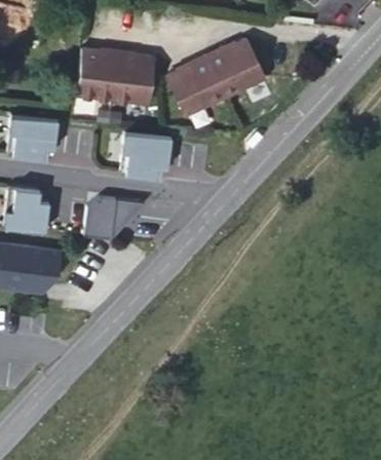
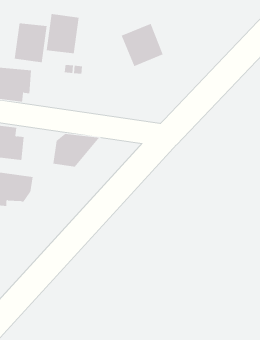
building: [206,44,259,99] -> none
building: [111,52,153,103] -> [14,23,48,63]
building: [118,131,170,178] -> none

